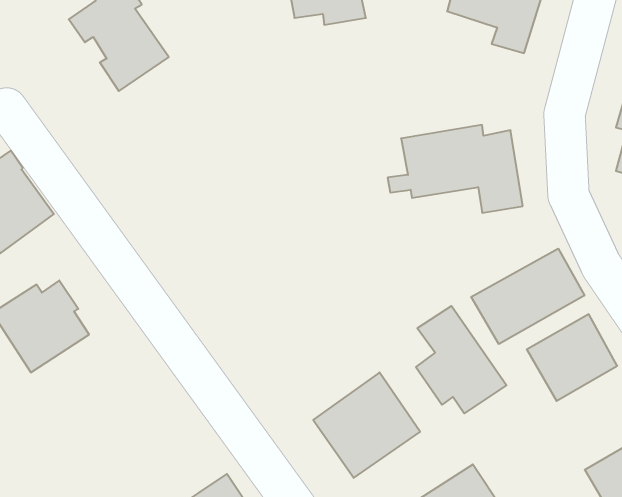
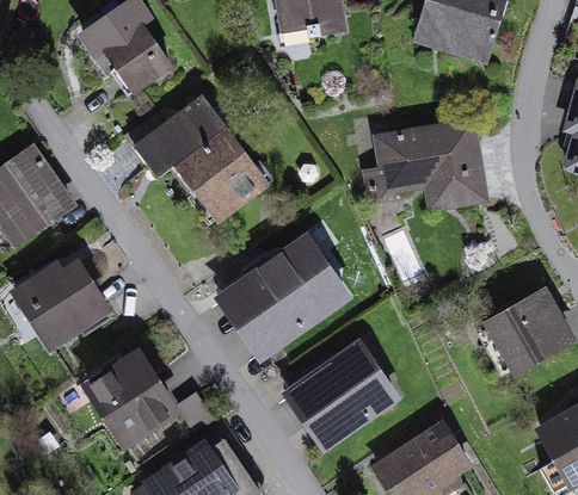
building: none -> [123,105,262,223]
building: [471,249,584,344] -> none
building: none -> [233,240,346,347]
building: [416,306,506,413] -> none
building: none -> [86,358,168,440]

